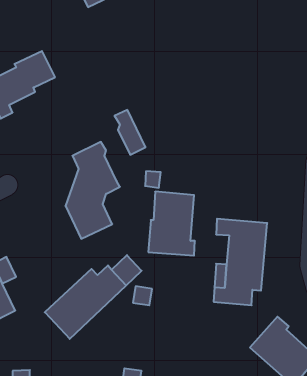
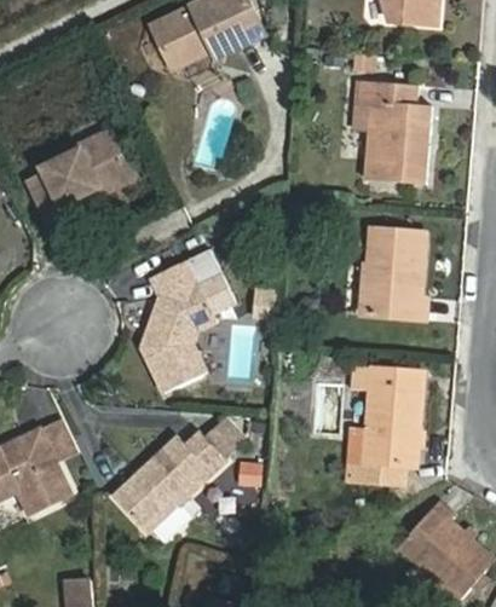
building: none -> [352,80,432,184]
building: [114,110,146,155] -> [190,249,233,312]
building: [148,192,195,256] -> [359,229,425,318]

